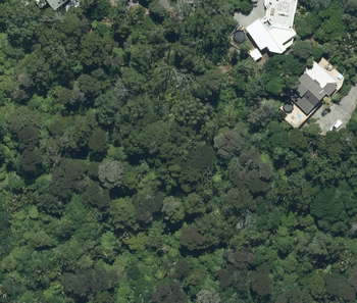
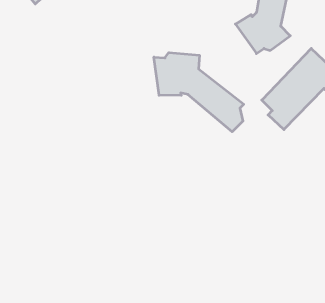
building: none -> [154,53,244,132]

